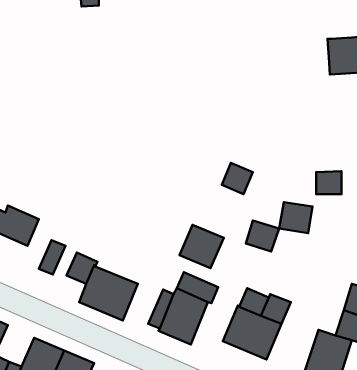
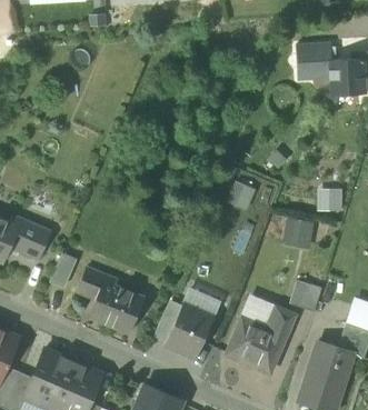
building: none -> [297,42,332,79]
building: [246,220,279,252] -> [290,281,322,311]
building: [179,225,224,268] -> none

